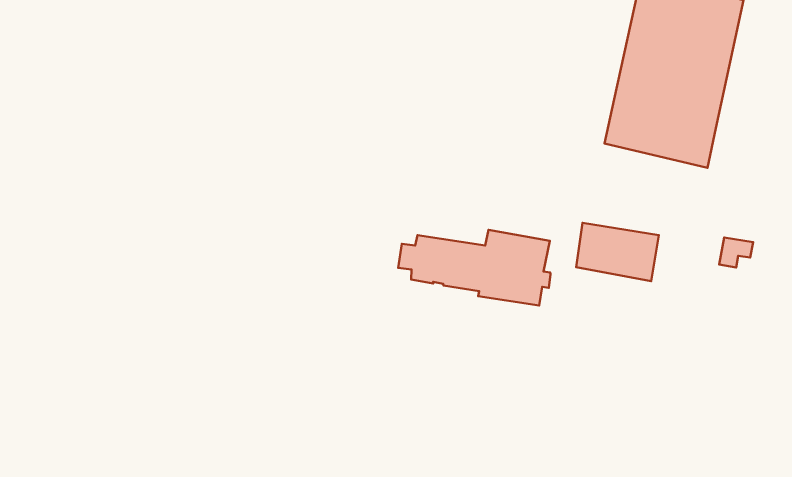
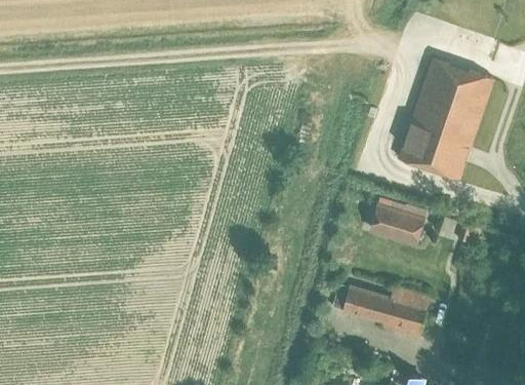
building: [398,230,550,306] -> [335,285,431,338]

